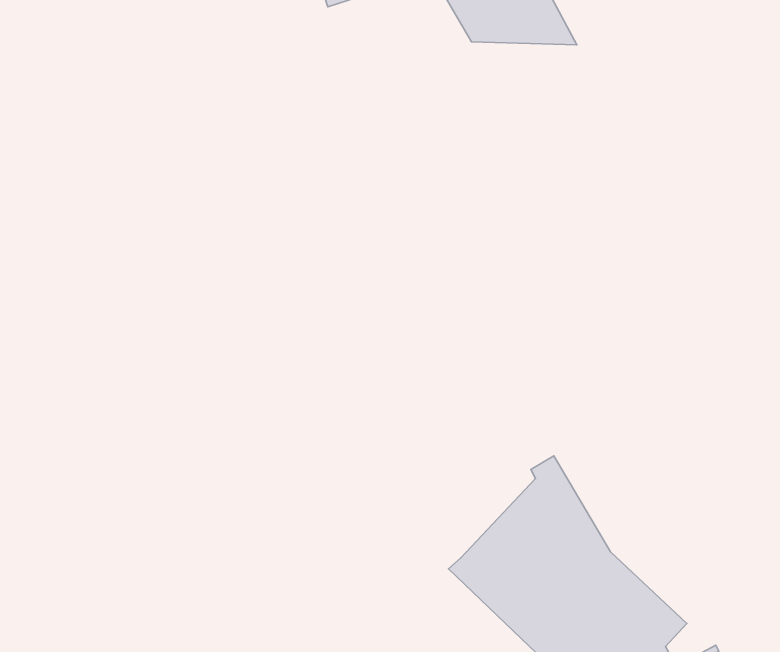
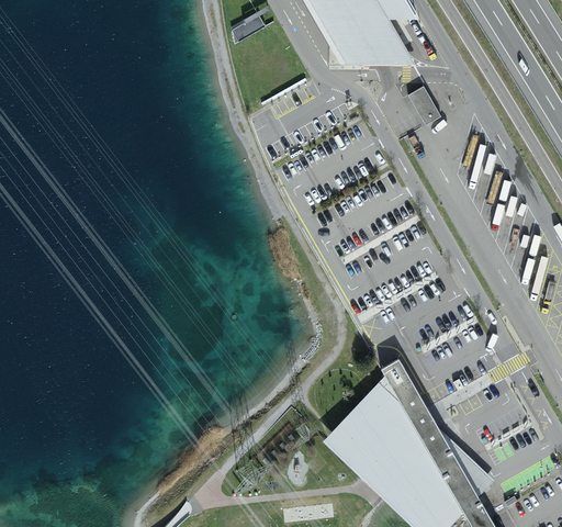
building: none -> [407,87,440,126]

